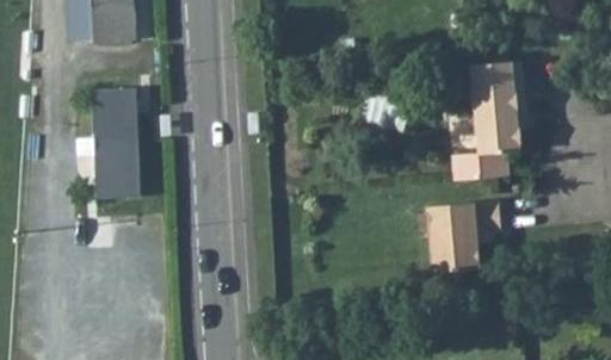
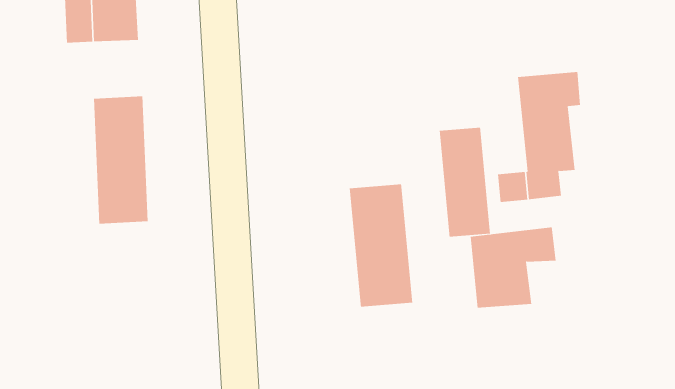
building: none -> [439,127,491,237]
building: none -> [349,183,413,308]

